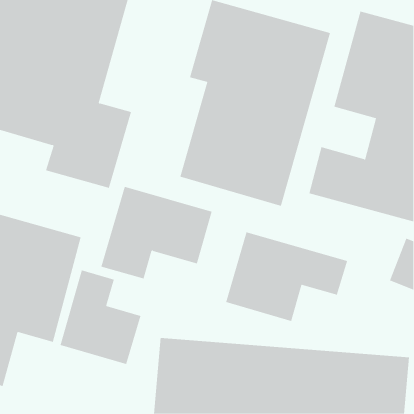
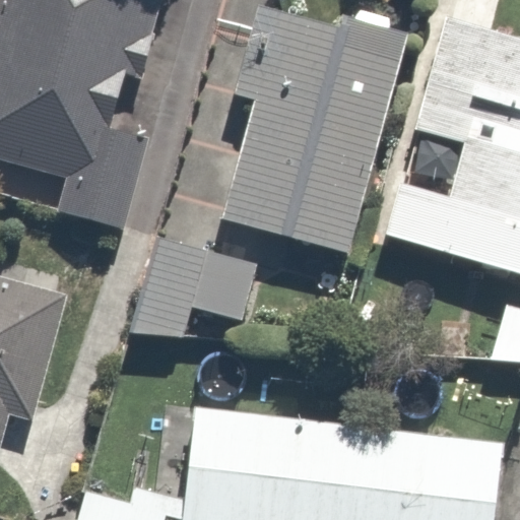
building: [226,231,348,322] -> none
building: [60,269,141,365] -> none

